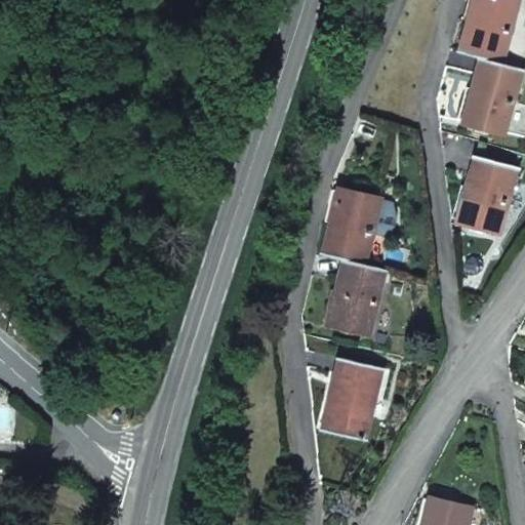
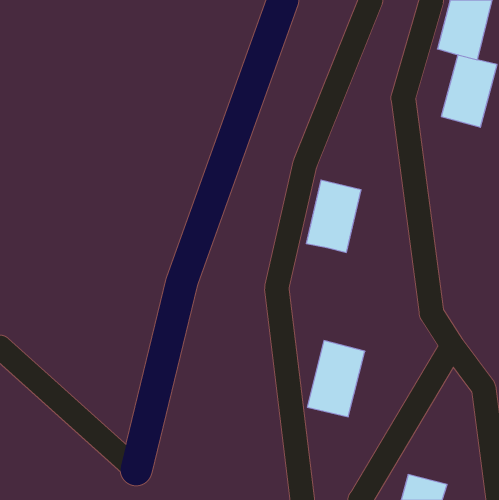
building: [458,156,517,231] -> none
building: [328,259,385,333] -> none

